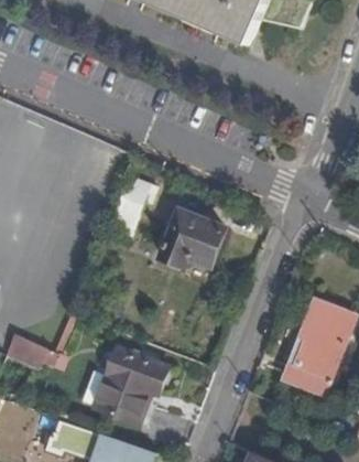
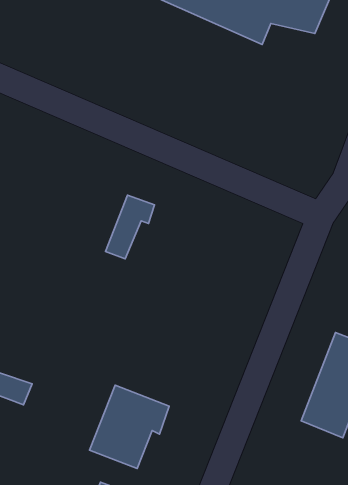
building: [156,211,224,268] -> none

